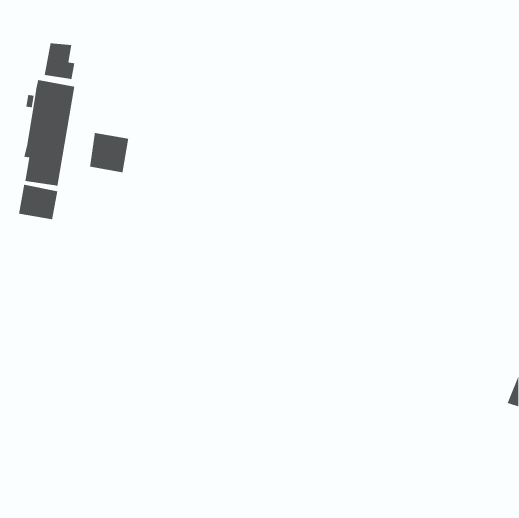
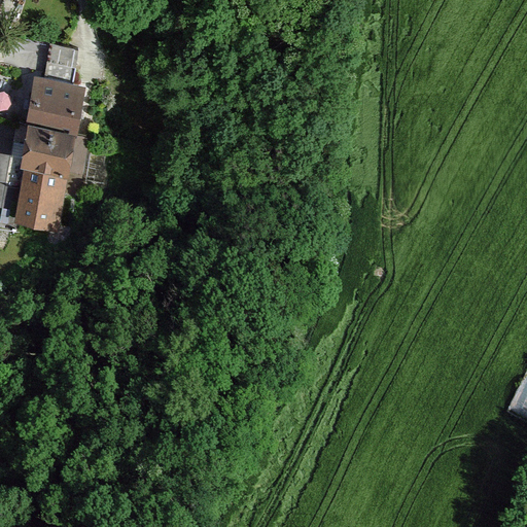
building: [90,132,129,173] -> none

